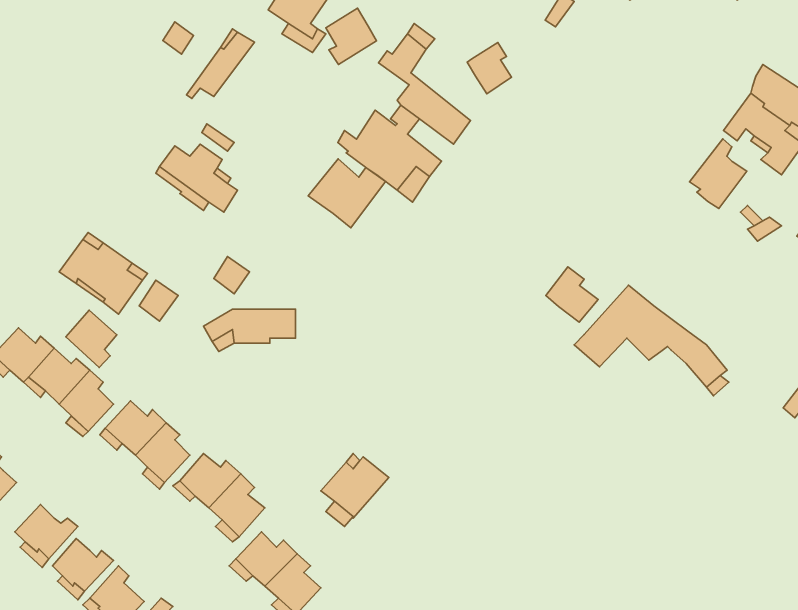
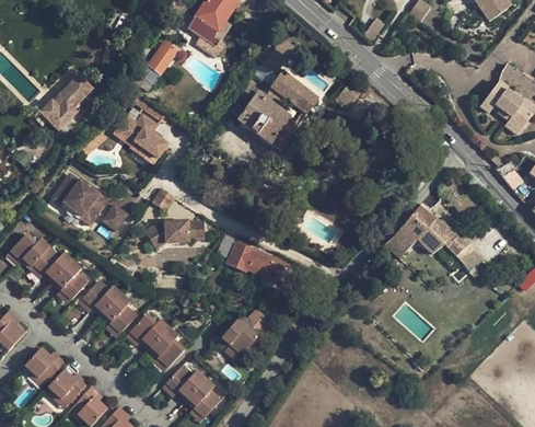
building: [326,8,377,65] -> none
building: [467,43,511,94] -> none
building: none -> [39,73,92,129]
building: [689,139,747,209] -> none
building: [308,159,386,228] -> none
building: [546,267,598,322] -> none
building: [66,310,117,367] -> none
building: none -> [226,240,286,281]

